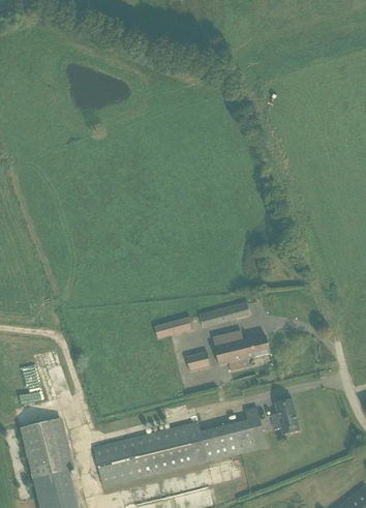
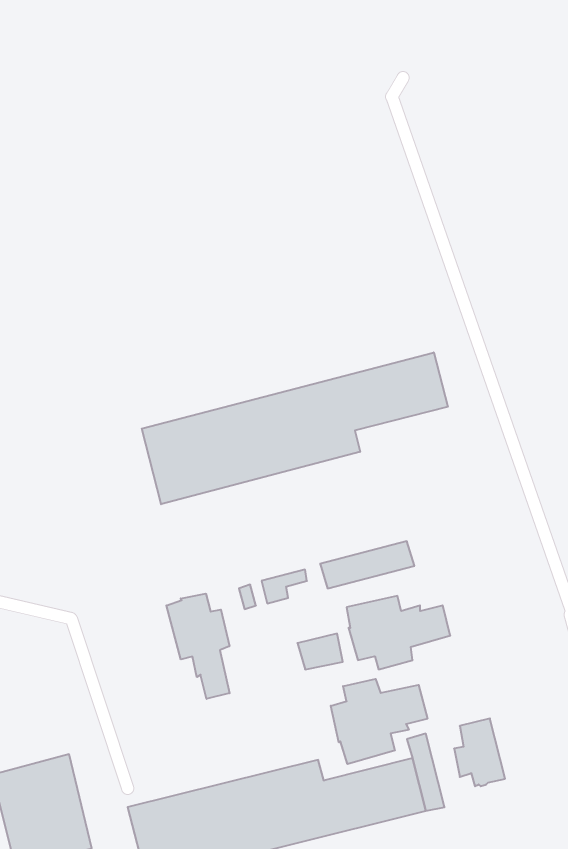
building: none -> [142,352,448,504]
building: none -> [166,594,230,699]
building: none -> [331,679,427,764]

